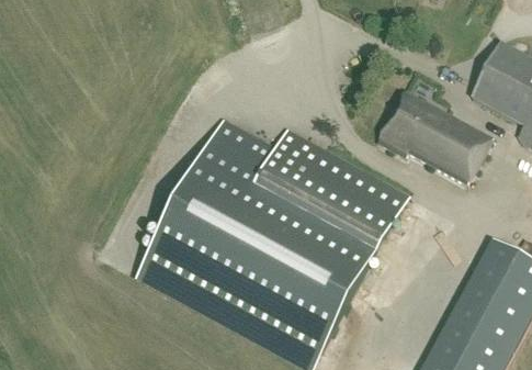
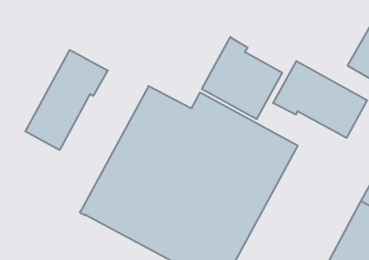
building: none -> [202,37,282,119]
building: none -> [25,50,108,150]

